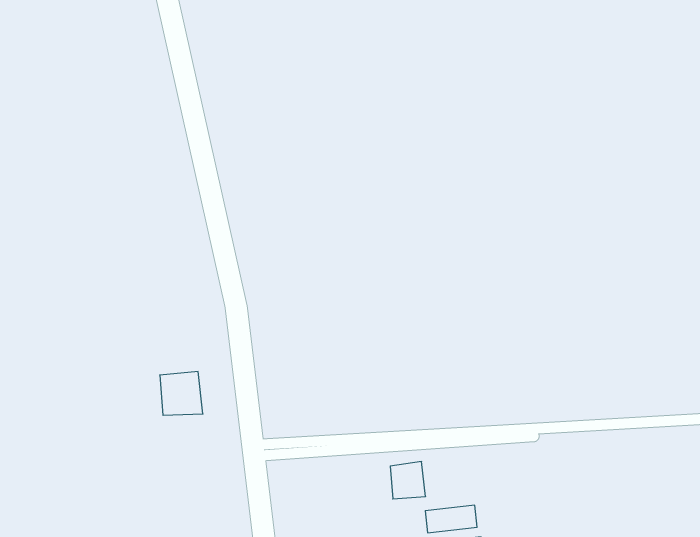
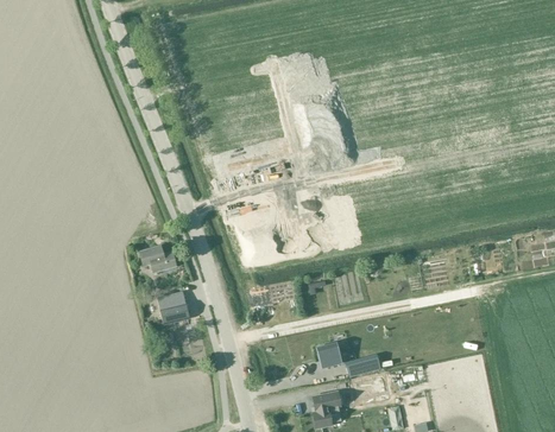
building: none -> [139,247,176,274]

